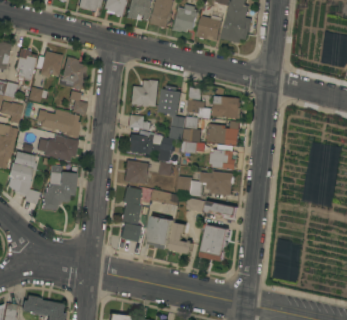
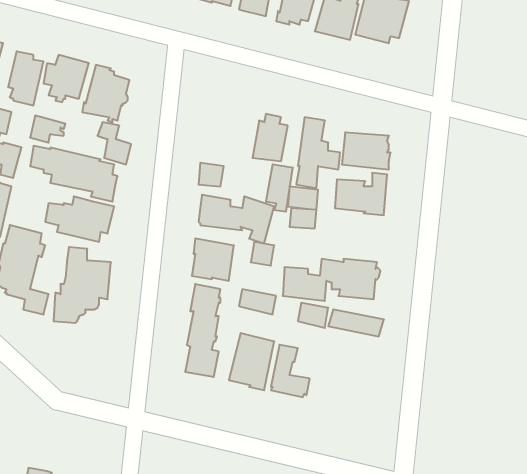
building: [130,80,160,107] -> none
building: [210,150,237,170] -> none
building: [202,225,229,262] -> none

